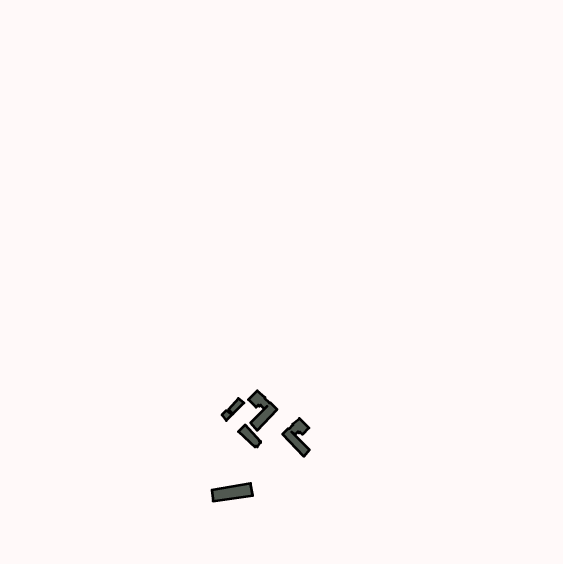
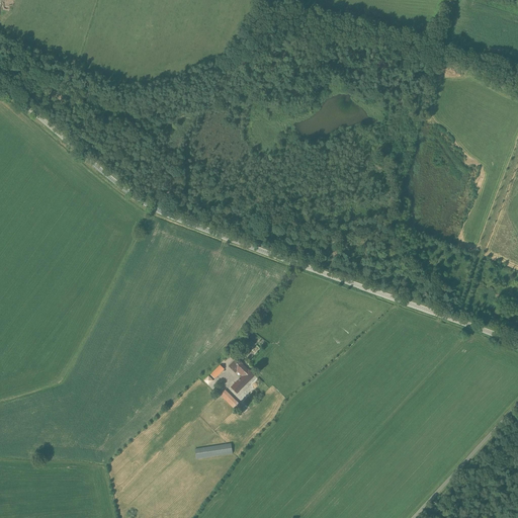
building: [283,418,309,456] -> none

